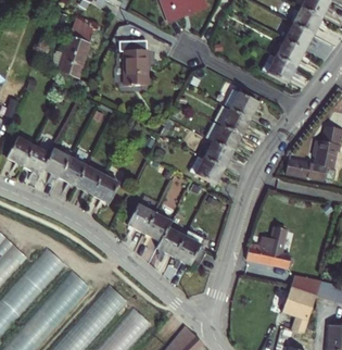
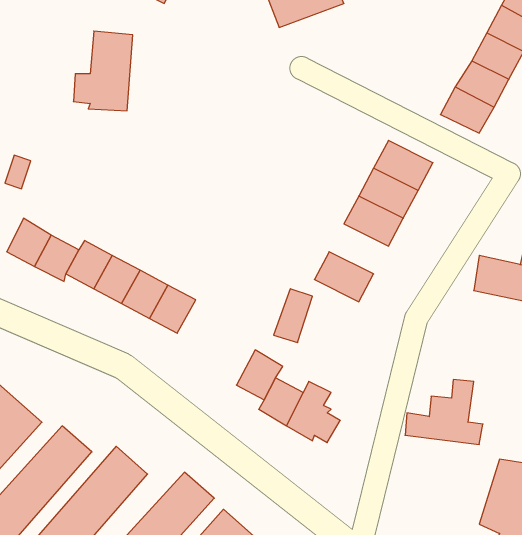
building: [118,40,149,86] -> none
building: [198,138,232,167] -> none
building: [127,203,154,233] -> none

